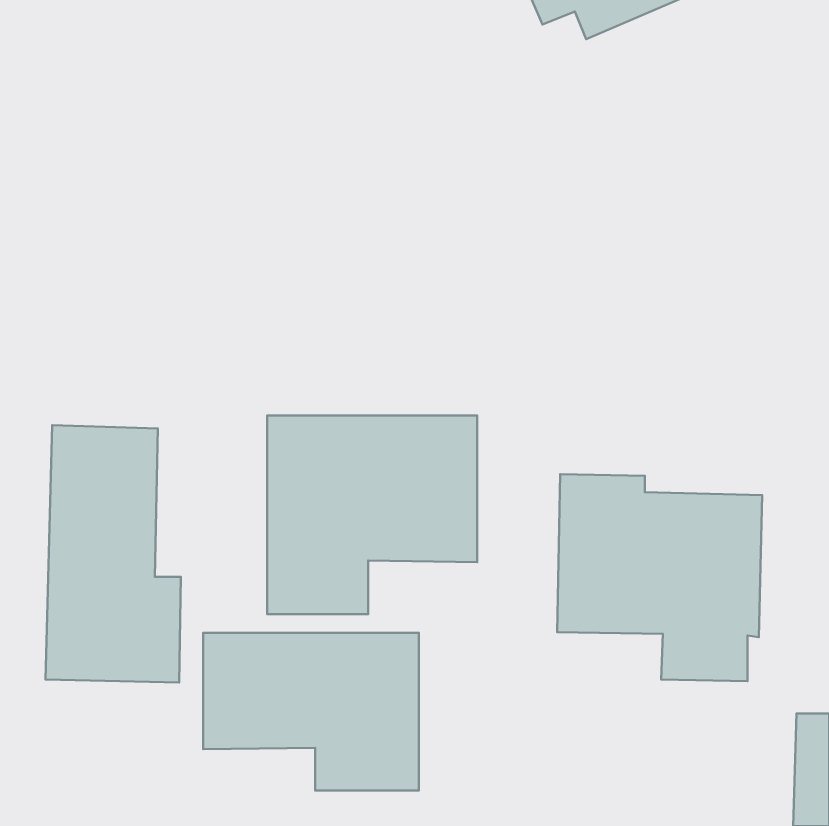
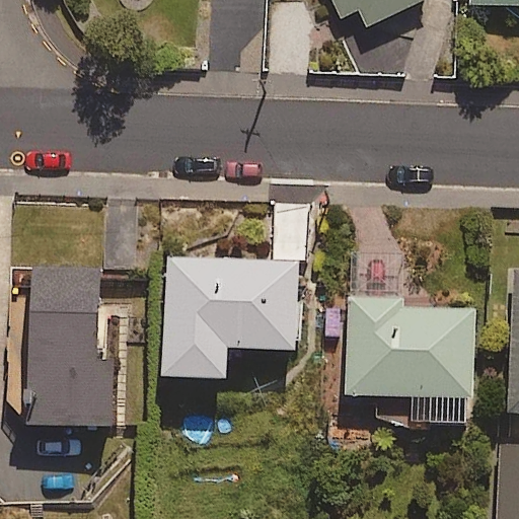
building: [203,633,419,790] -> none

